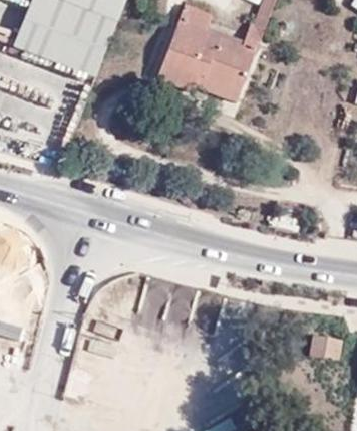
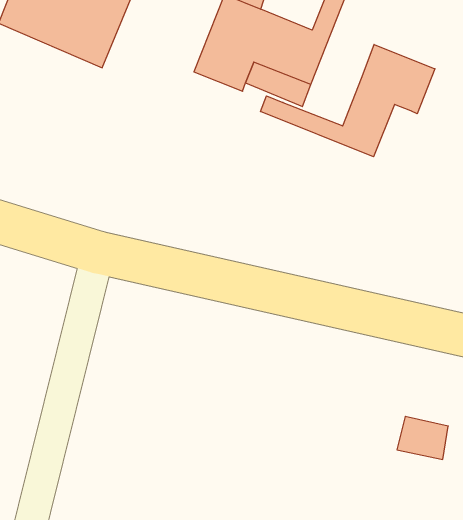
building: none -> [261,44,435,157]

